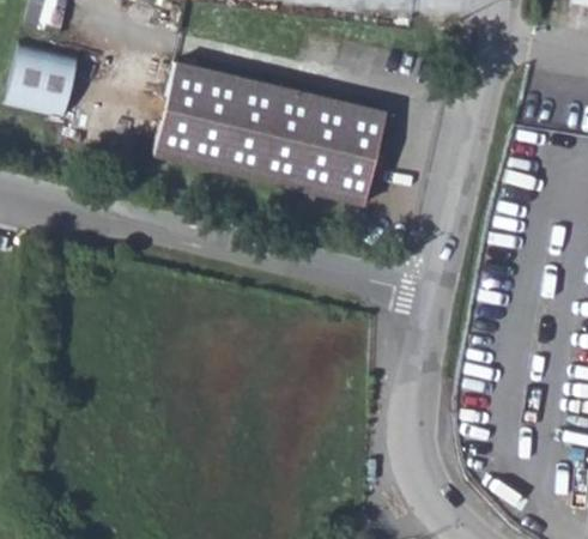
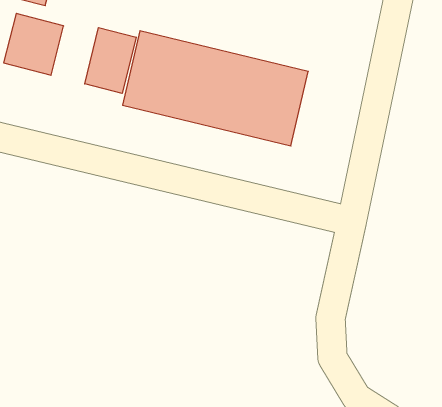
building: none -> [85,28,136,93]

